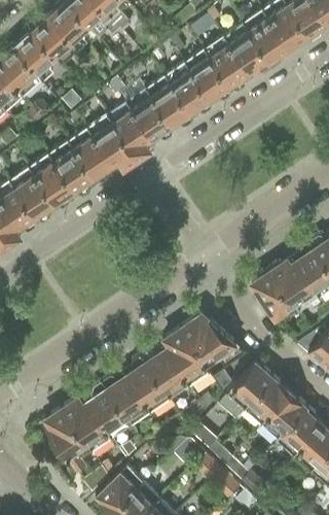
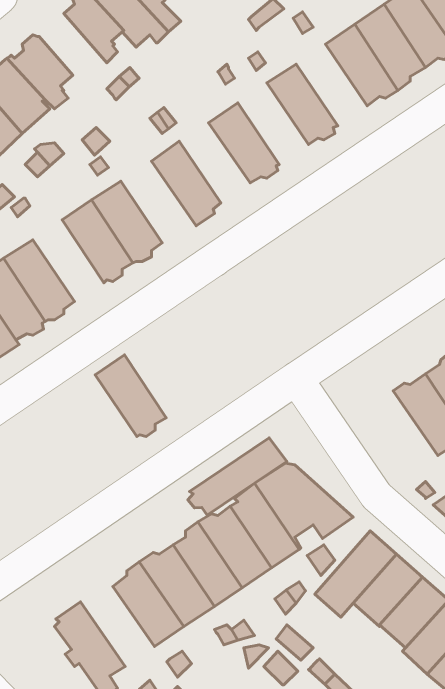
building: [35,14,80,62] -> none
building: [207,35,254,90] -> none
building: [168,61,215,115] -> none
building: [129,88,176,141] -> none
building: [89,113,140,168] -> none
building: [31,152,78,207] -> [95,355,166,436]
building: [253,267,301,317] -> none
building: none -> [188,438,287,515]
building: [63,398,112,451] -> none

